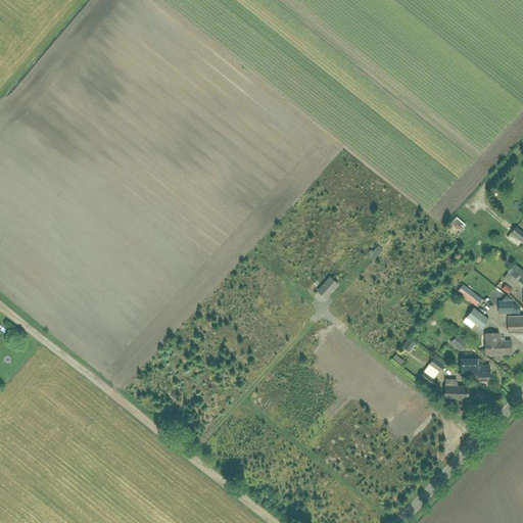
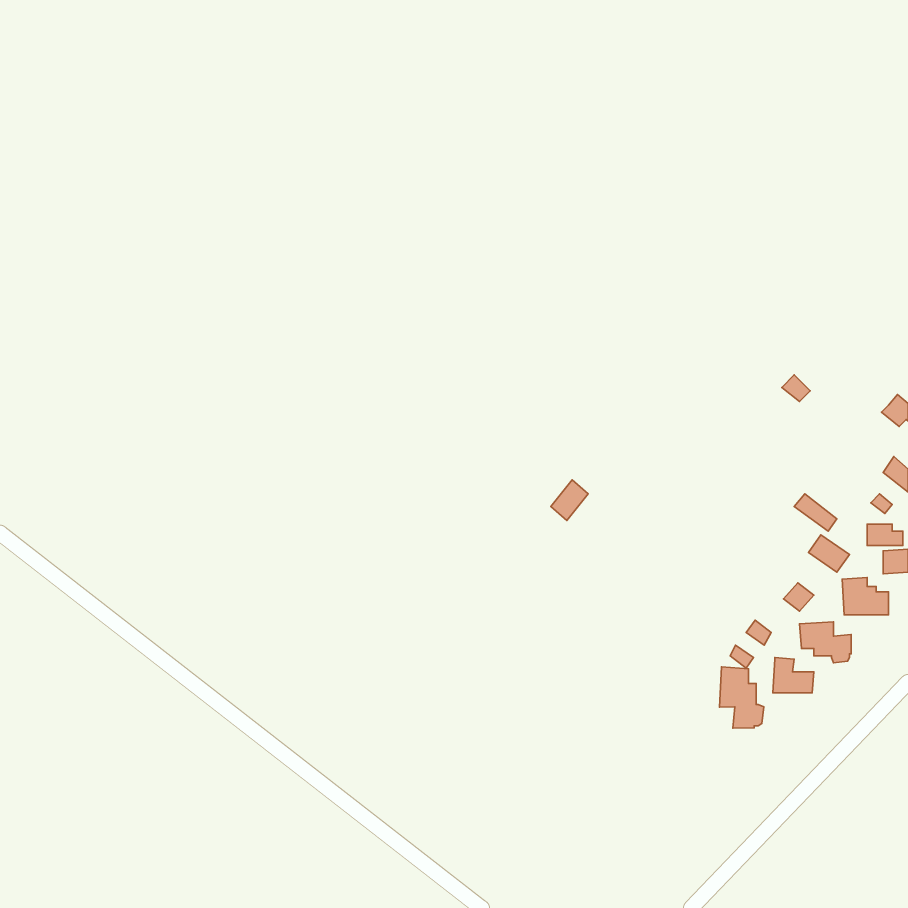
building: none -> [720,667,764,728]

